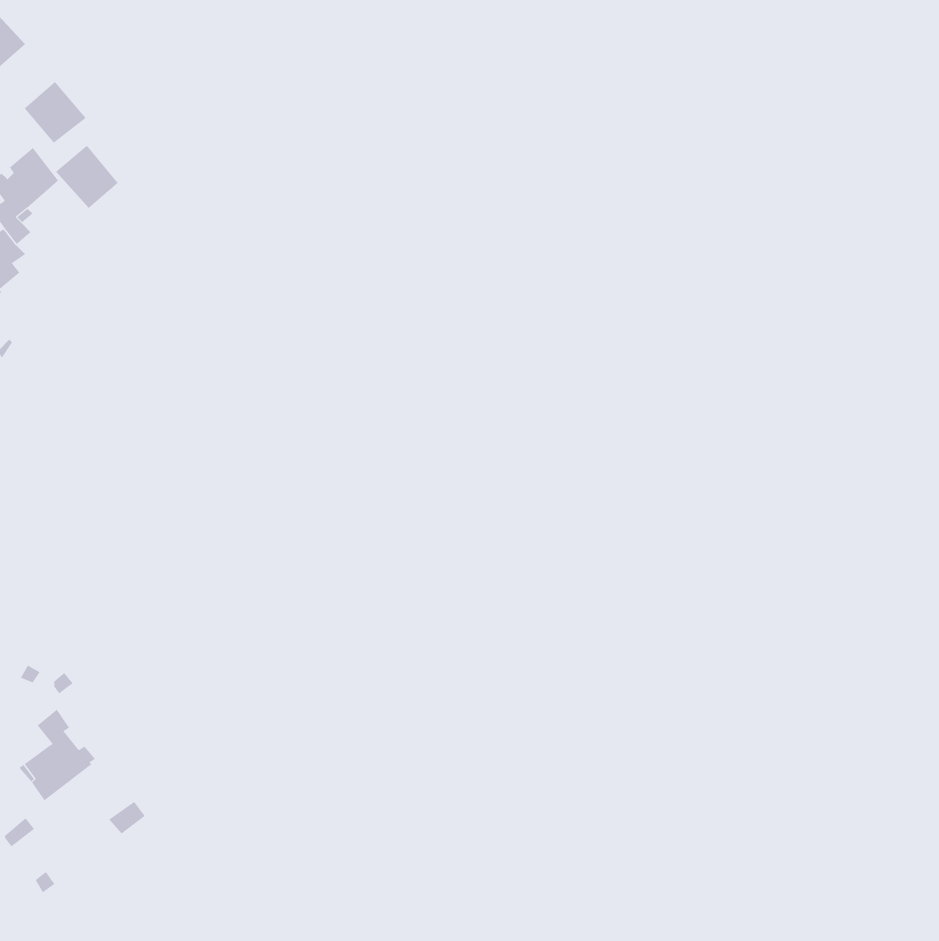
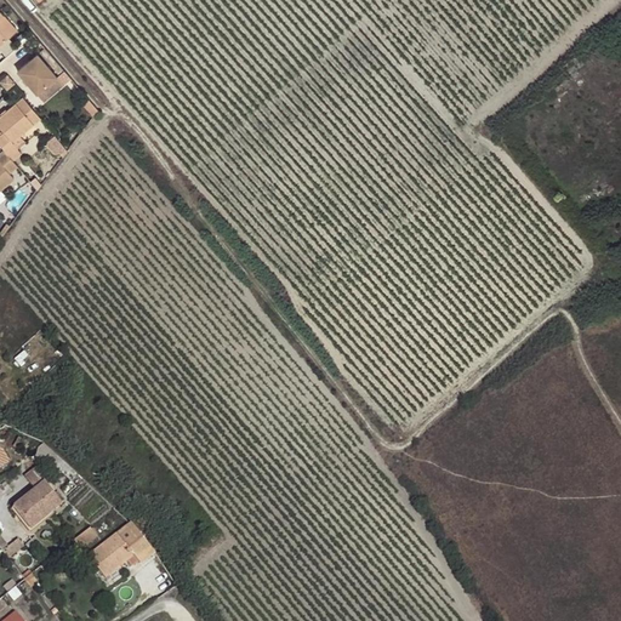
building: [55,145,119,209] -> none
building: none -> [87,523,153,580]

